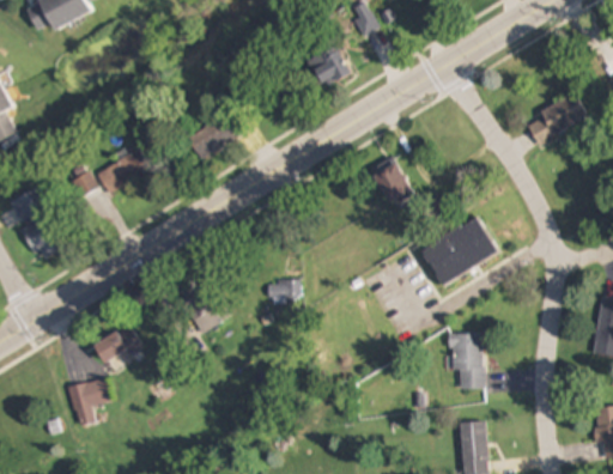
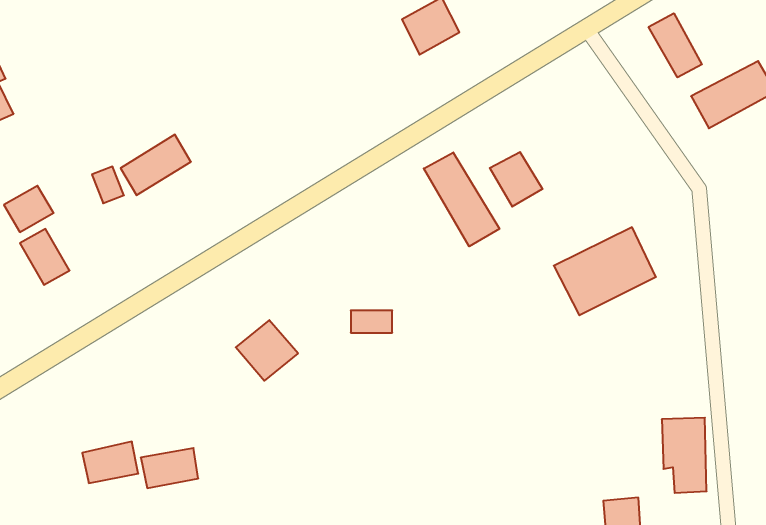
building: none -> [649,13,702,77]
building: [188,113,244,159] -> none
building: none -> [424,152,499,246]
building: [96,330,139,360] -> [141,448,198,488]
building: [450,333,484,389] -> [662,418,707,493]

